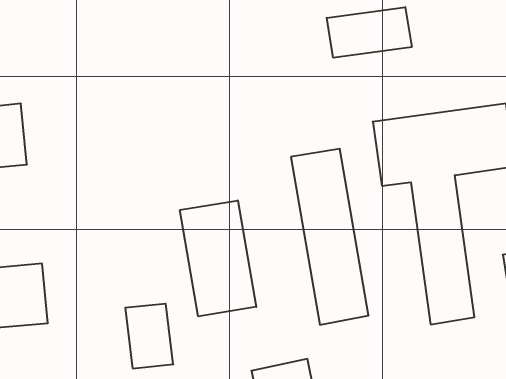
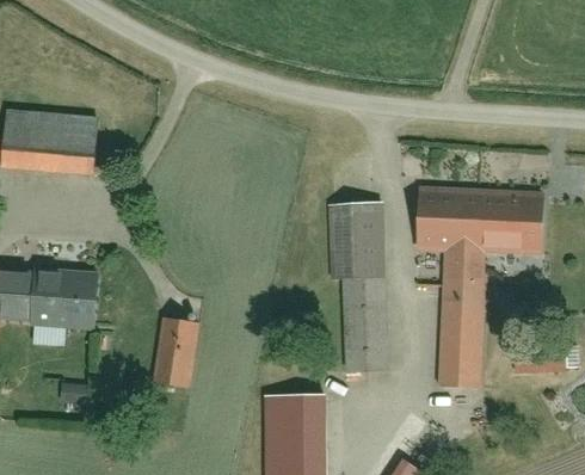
building: [327,7,412,58] -> none
building: [180,200,256,316] -> none

